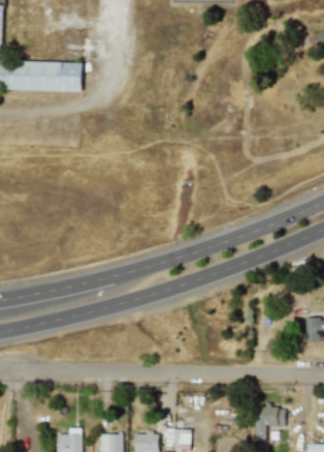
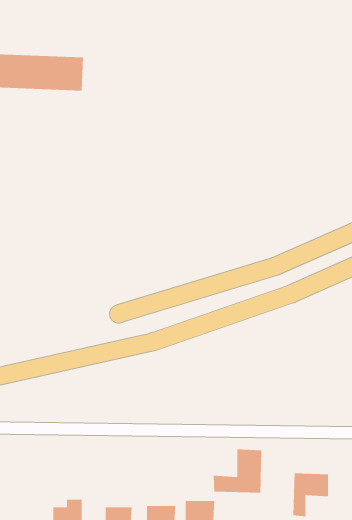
building: none -> [213,448,262,493]

